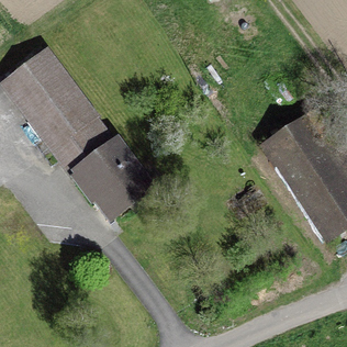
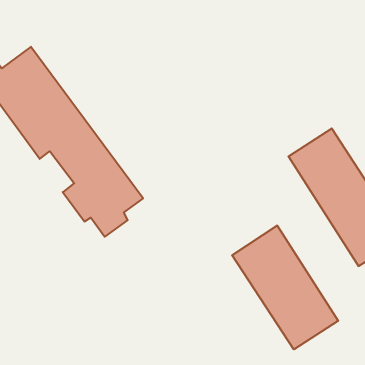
building: none -> [232,225,338,349]

